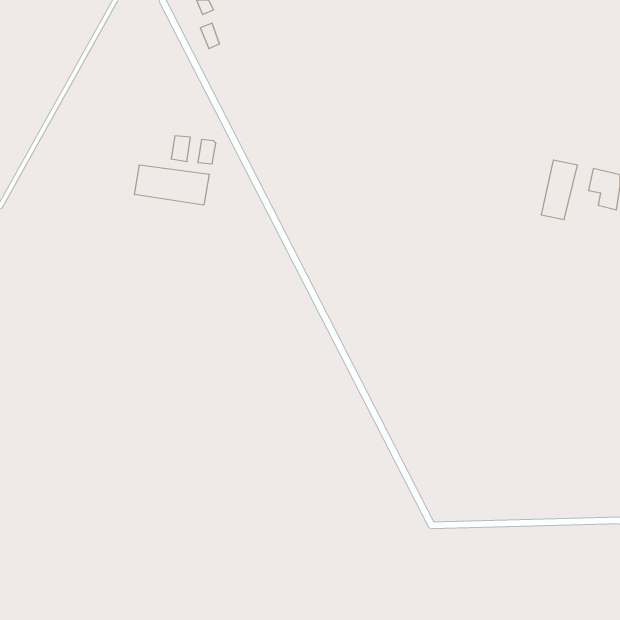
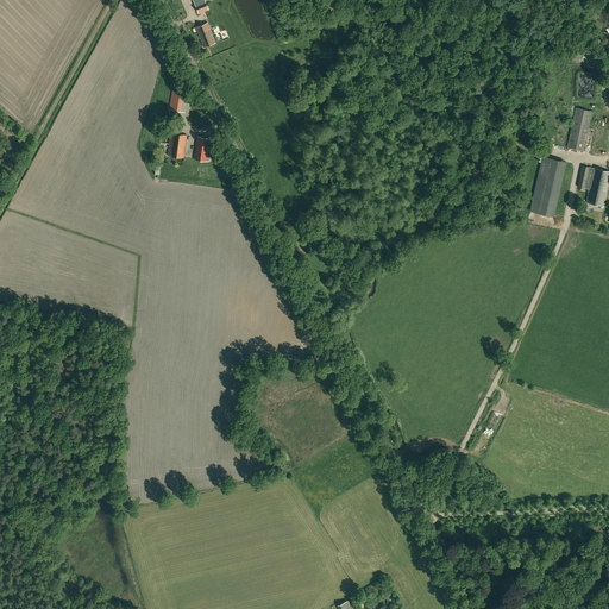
building: none -> [567,108,591,150]
building: [135,165,209,205] -> none

